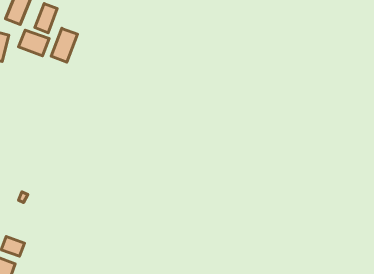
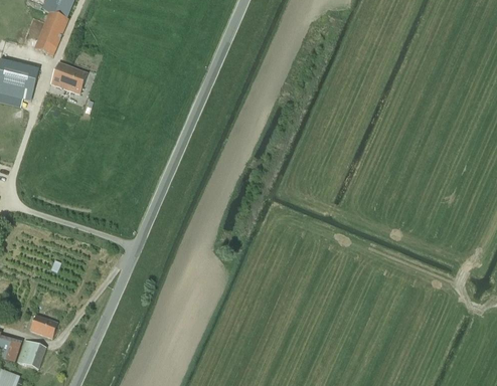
building: [35,3,57,33] -> none
building: [51,28,77,62] -> none

